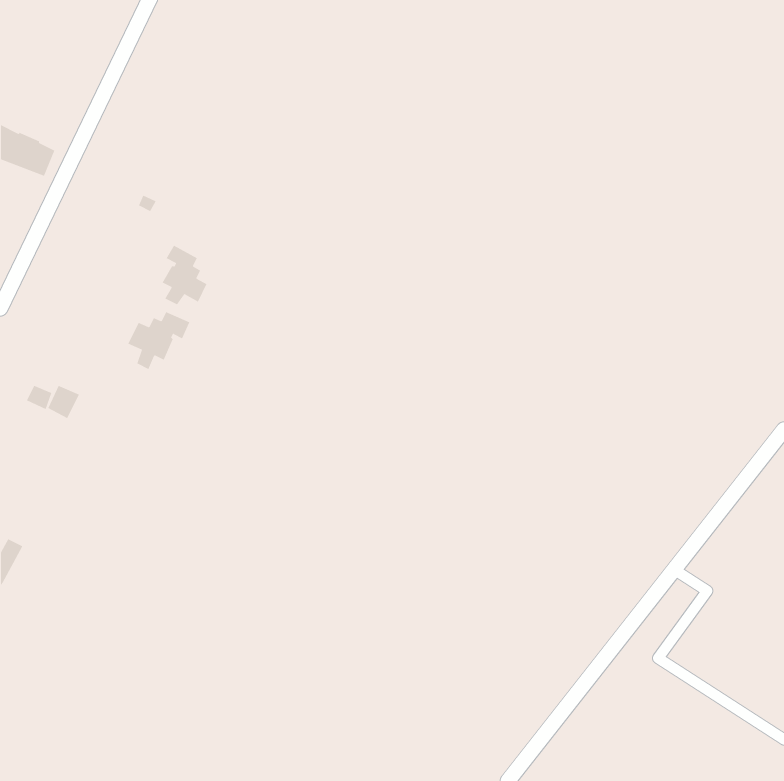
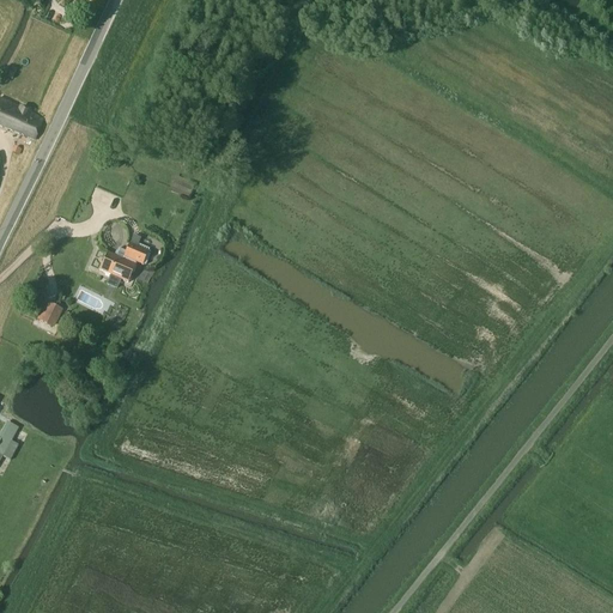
building: [162,245,207,305] -> none

